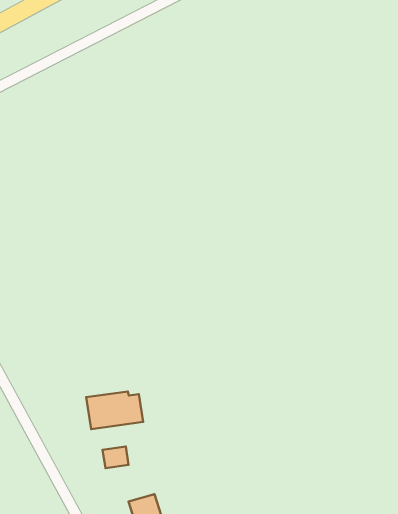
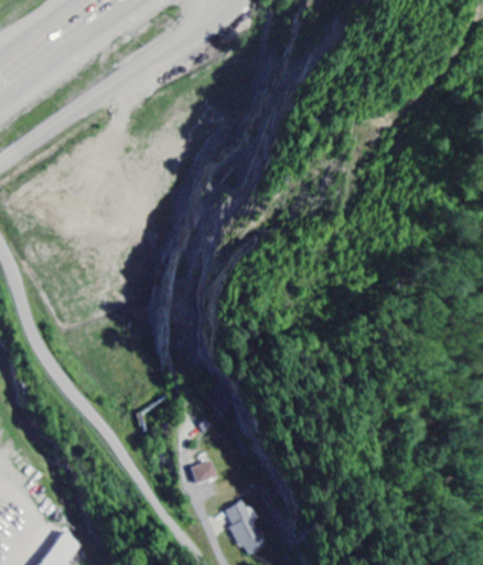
building: [86,391,143,429] -> none

